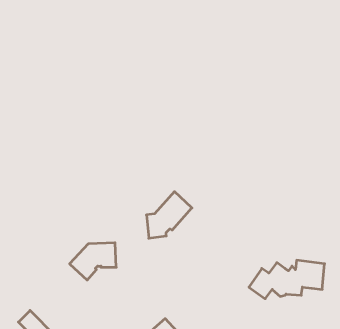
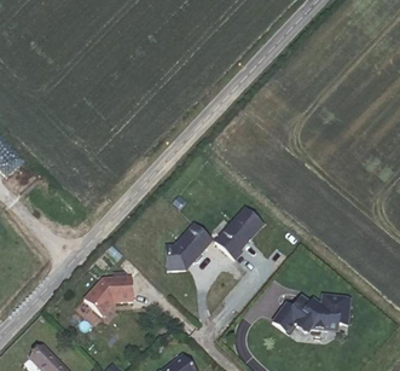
building: none -> [214,207,262,259]

